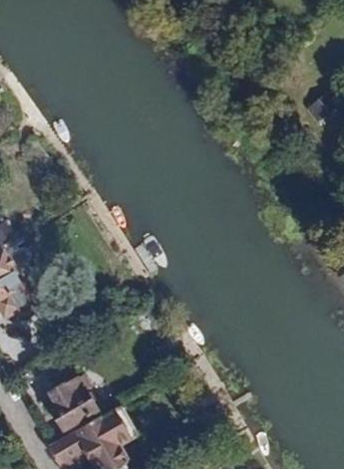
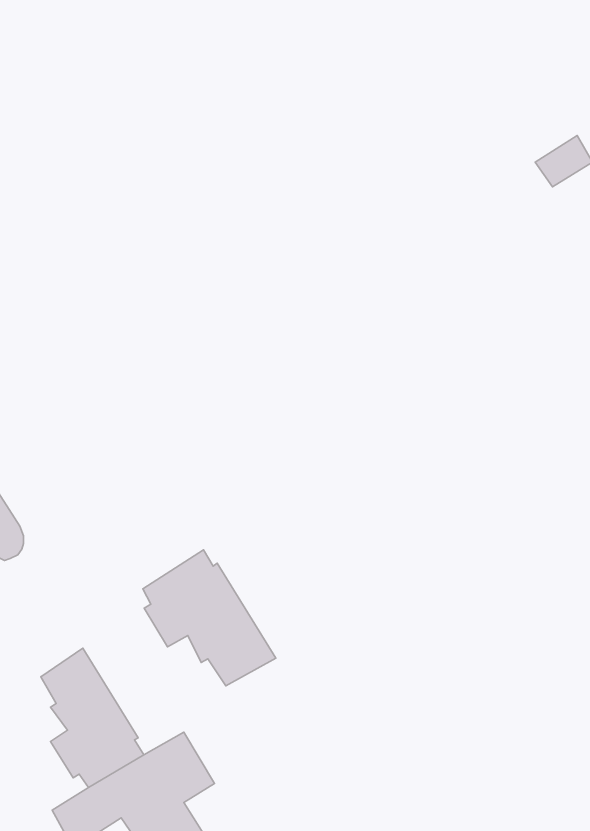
building: none -> [143,550,276,686]

